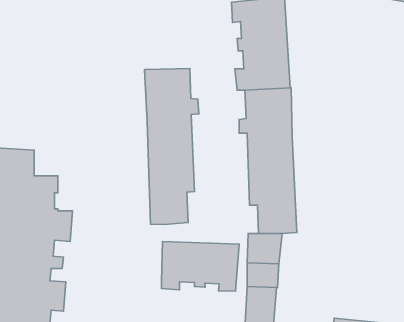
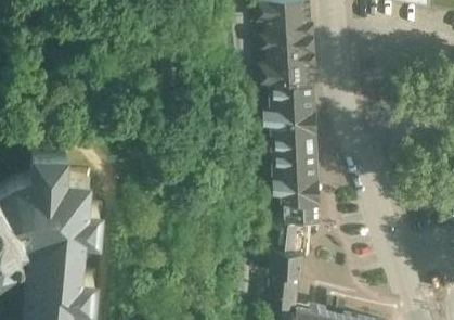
building: [144,68,199,224] -> none
building: [161,241,239,291] -> none

